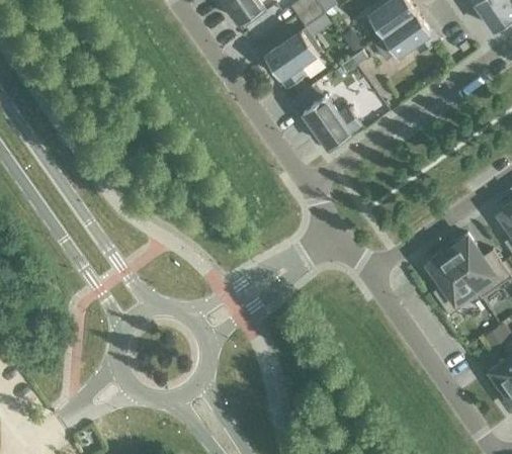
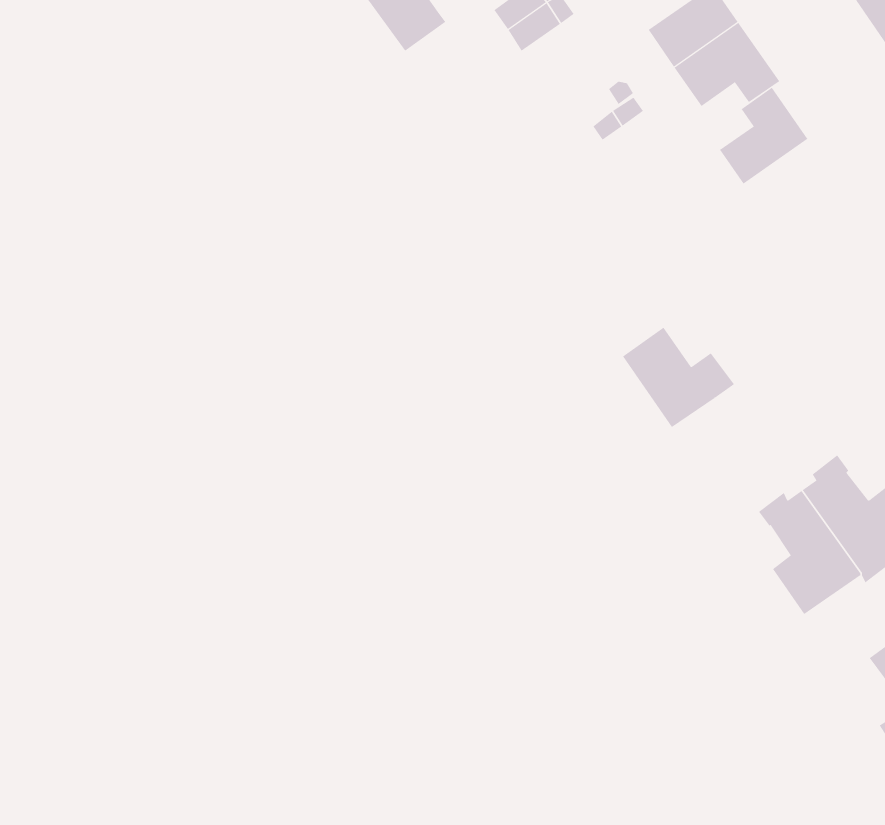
building: [264,32,316,80] -> none
building: none -> [719,87,808,184]
building: [303,97,360,149] -> [622,327,735,428]

